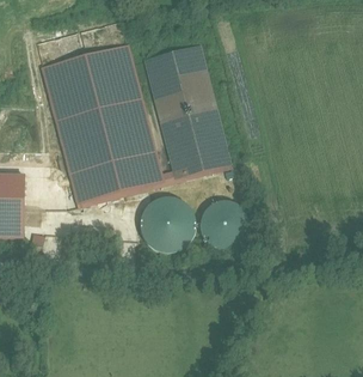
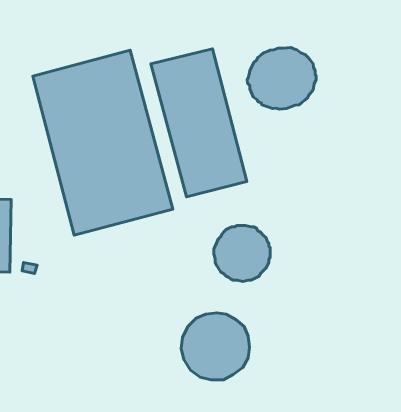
building: none -> [247,48,316,109]
building: [136,195,196,254] -> [181,313,250,380]

